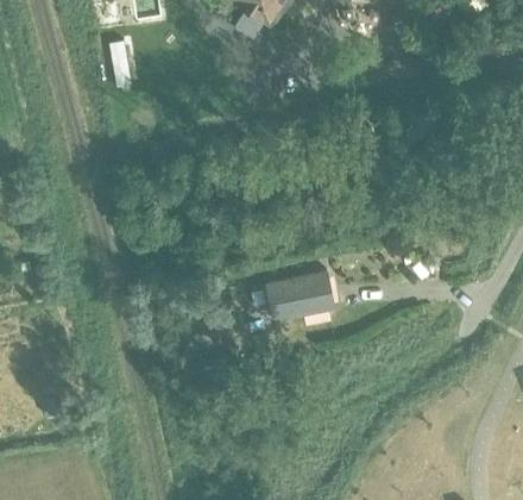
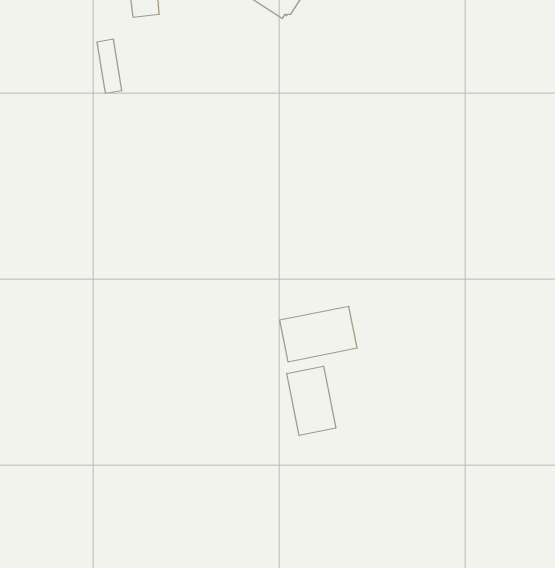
building: none -> [287,366,336,436]

